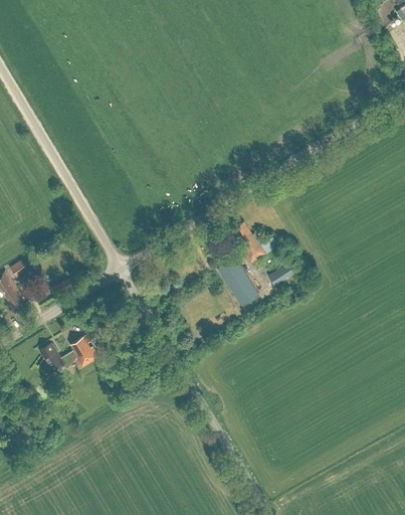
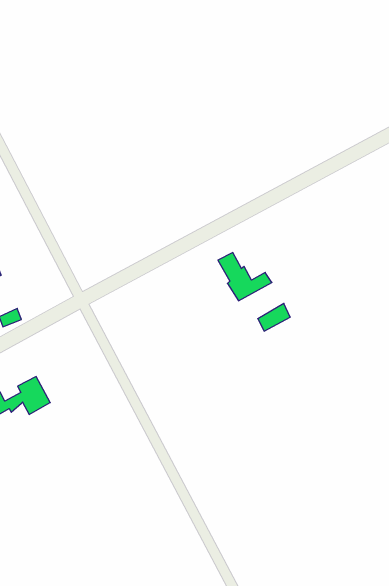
building: [217,258,259,307] -> none

